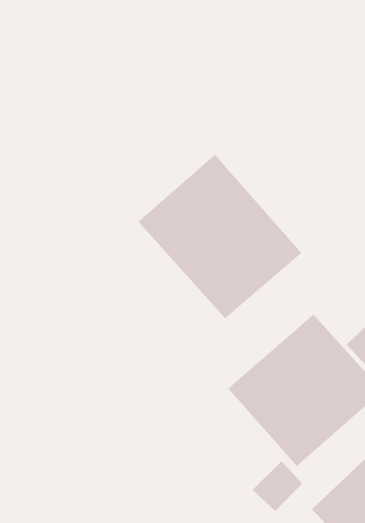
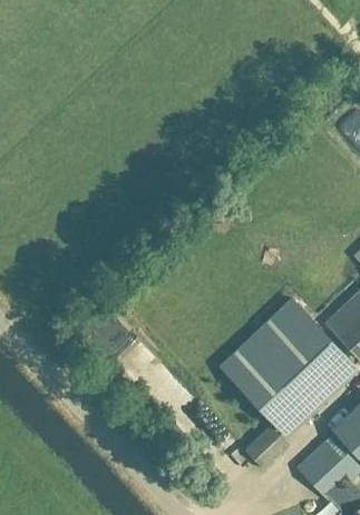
building: [138,154,302,319] -> none

